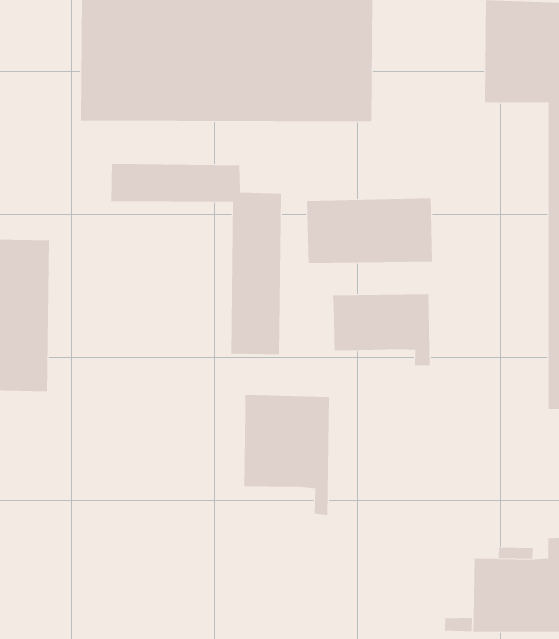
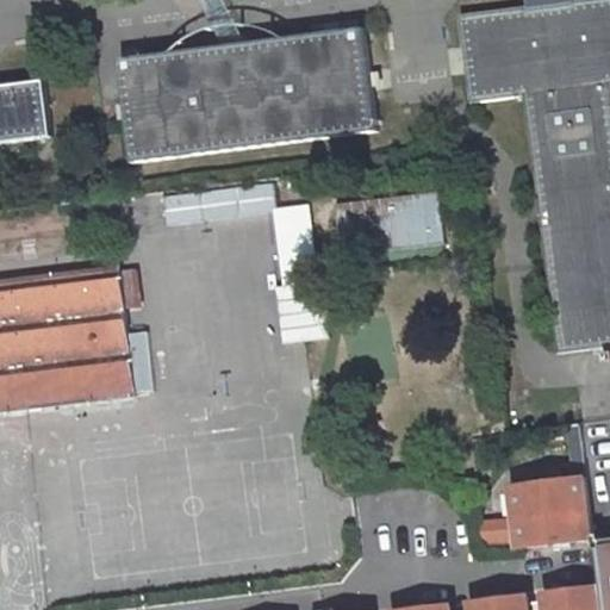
building: [333,294,430,366] -> none
building: [244,394,330,516] -> none

